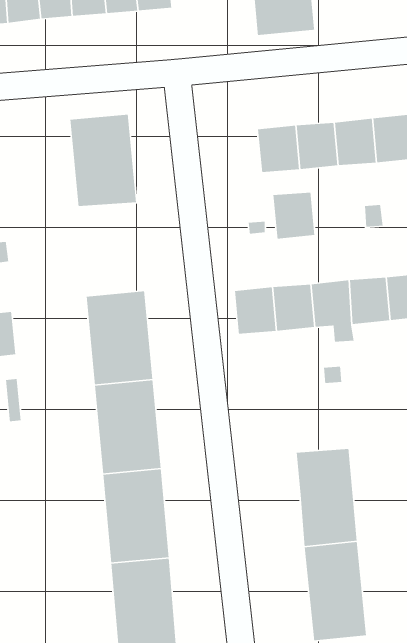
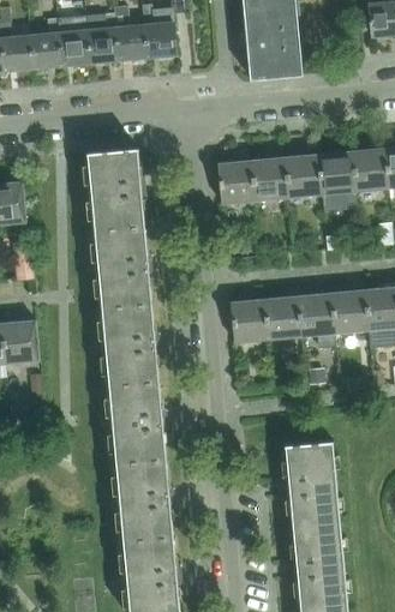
building: [273,192,315,240] -> [217,161,255,203]
building: none -> [94,226,152,307]

